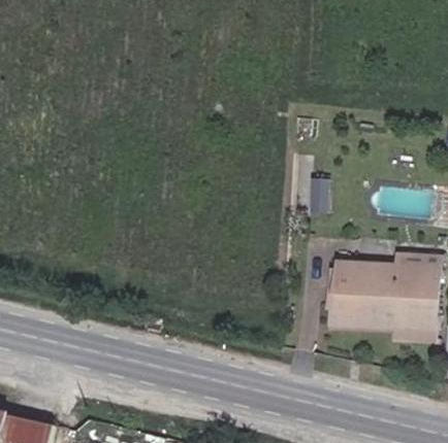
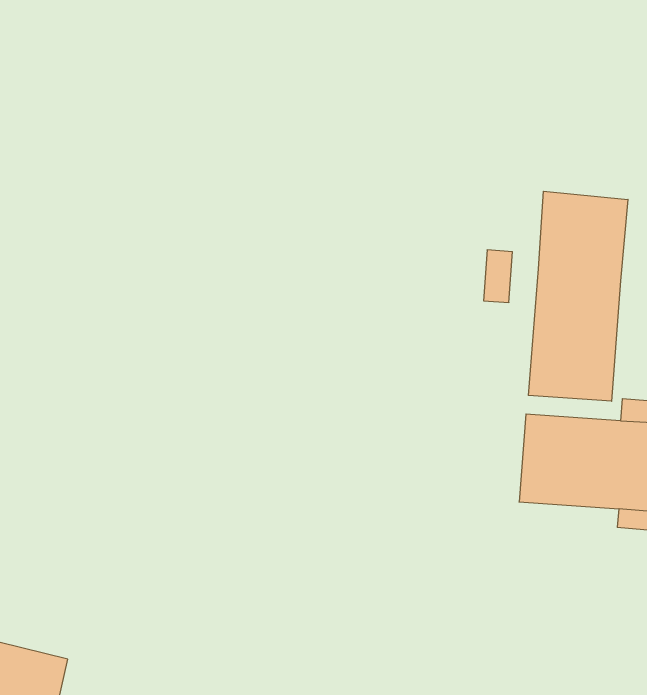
building: none -> [528,191,628,401]

